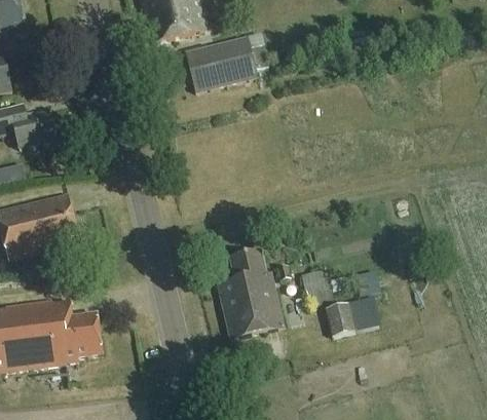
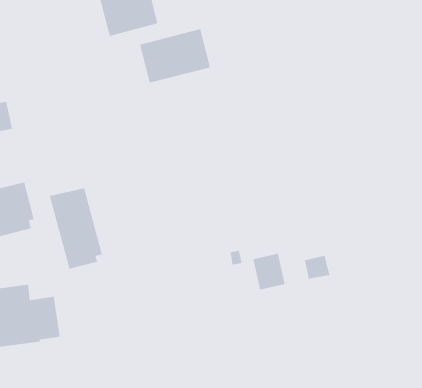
building: none -> [49,187,102,270]
building: [218,251,282,339] -> none
building: [325,296,380,336] -> none

